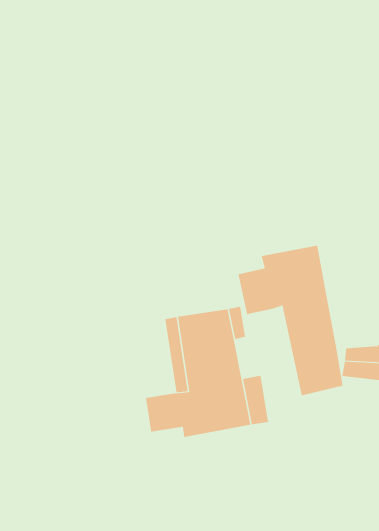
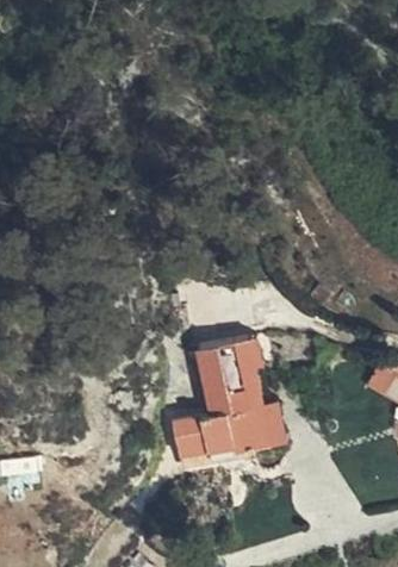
building: [238,245,343,396] -> none

